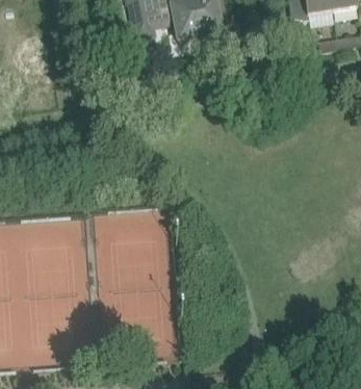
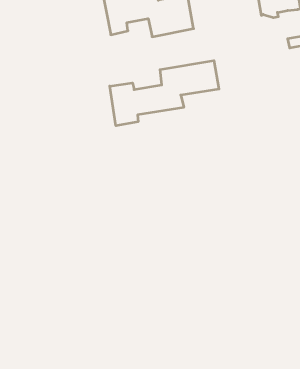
building: none -> [110,61,219,126]

